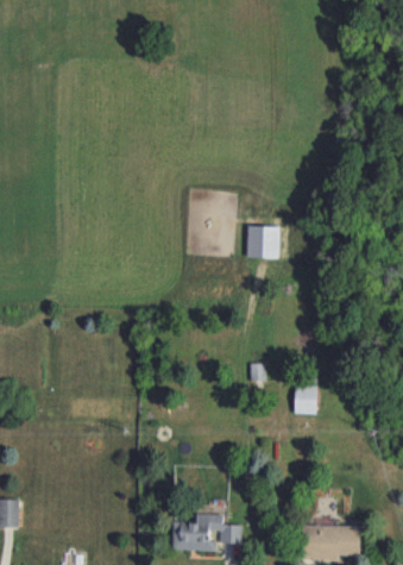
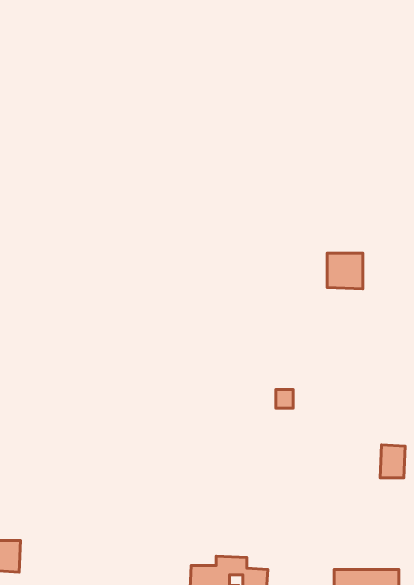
building: [247,226,279,258] -> [327,253,363,289]
building: [294,384,316,414] -> [380,445,405,478]

